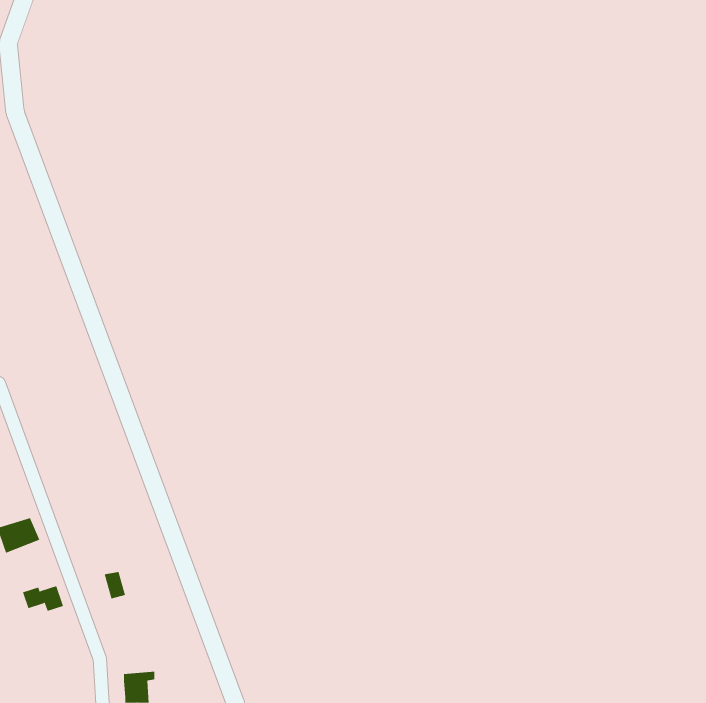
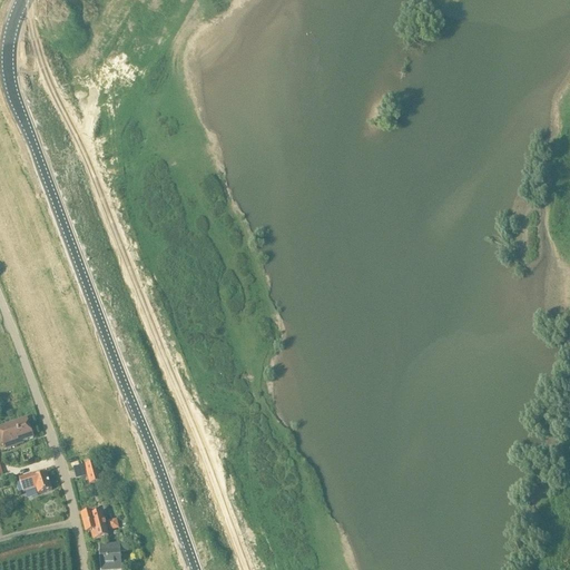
building: none -> [80,509,107,537]

